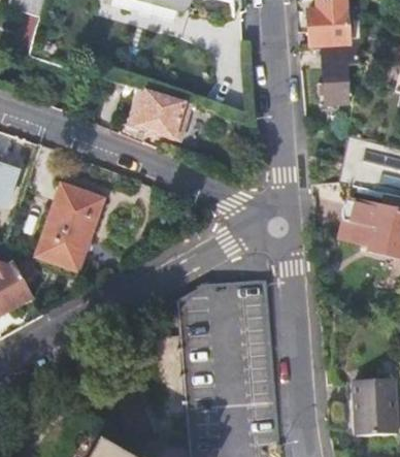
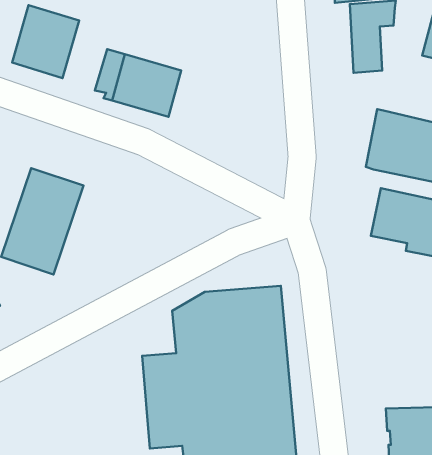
building: none -> [12,5,79,78]

